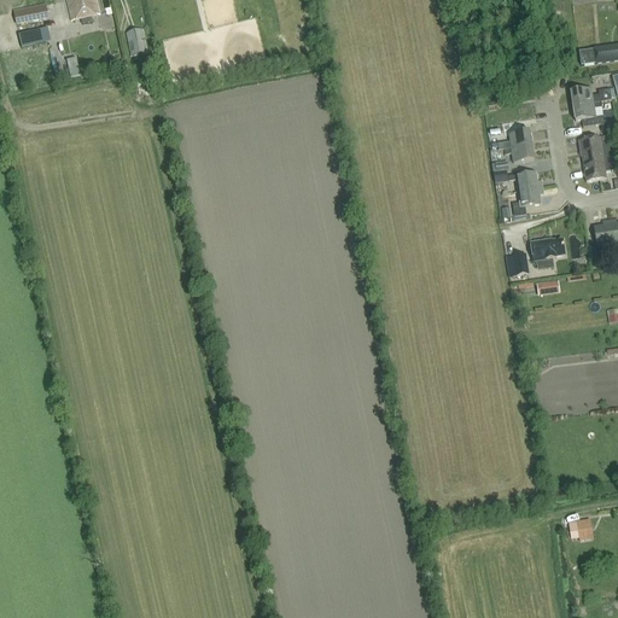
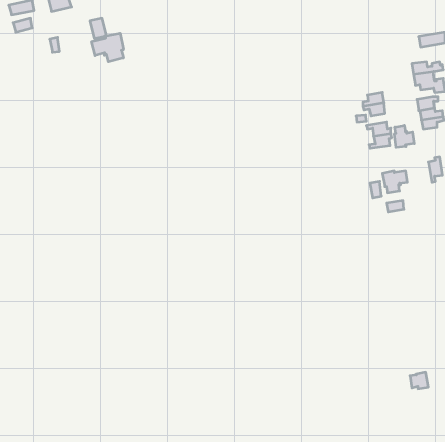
building: none -> [92,33,123,62]
building: none -> [395,125,414,147]

